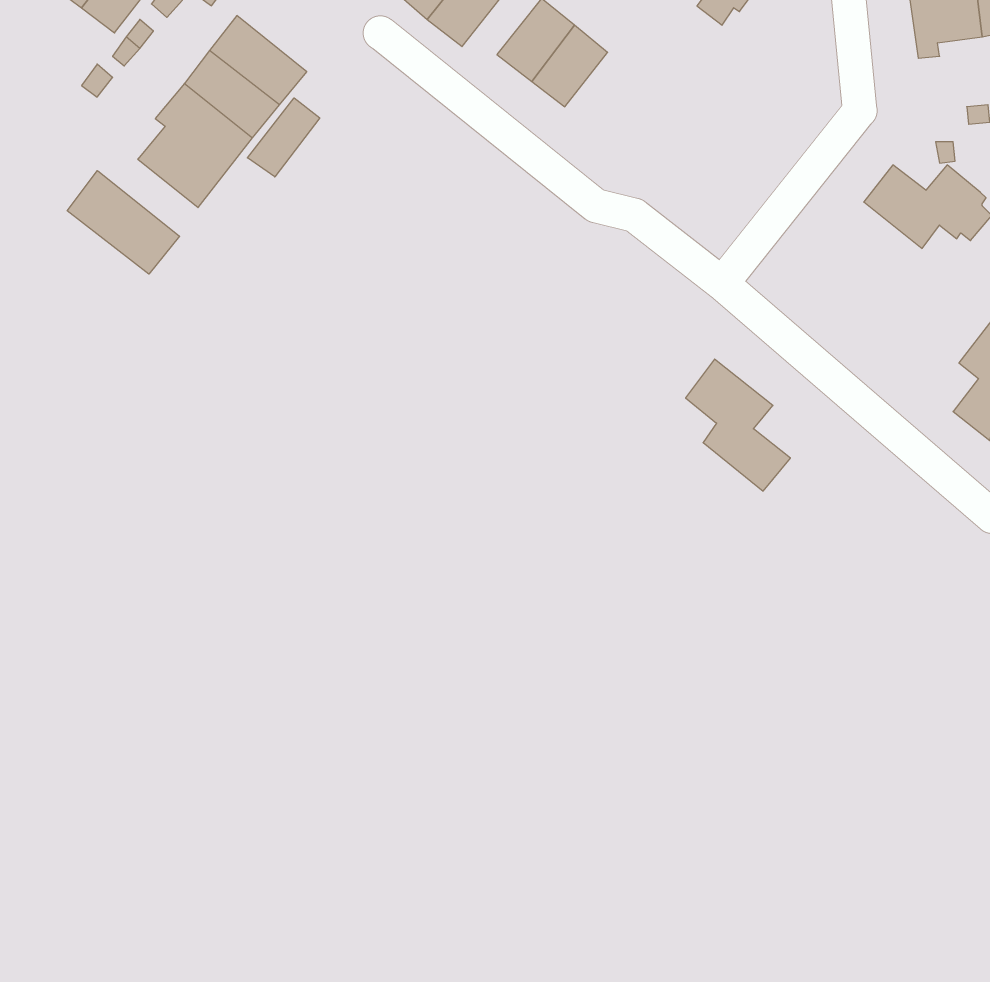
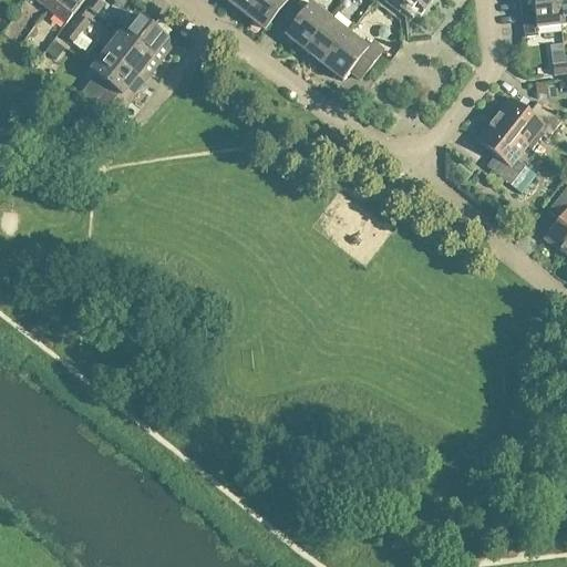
building: none -> [323,30,383,76]
building: [247,98,320,177] -> none
building: [67,171,180,274] -> none
building: [686,359,790,491] -> [477,115,537,190]

